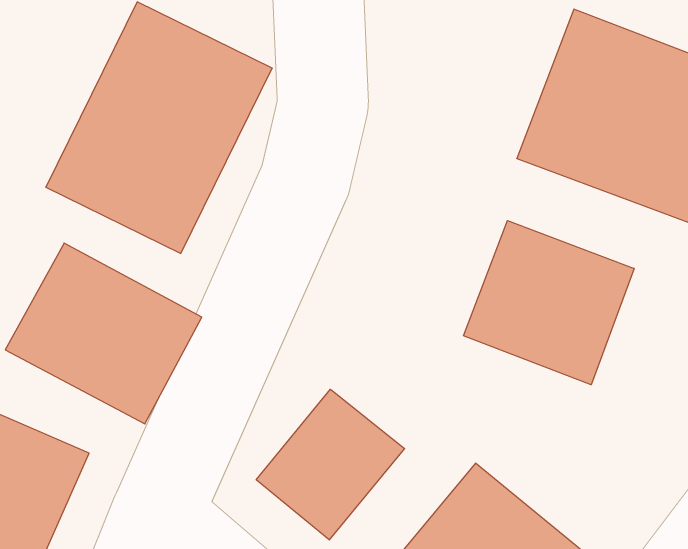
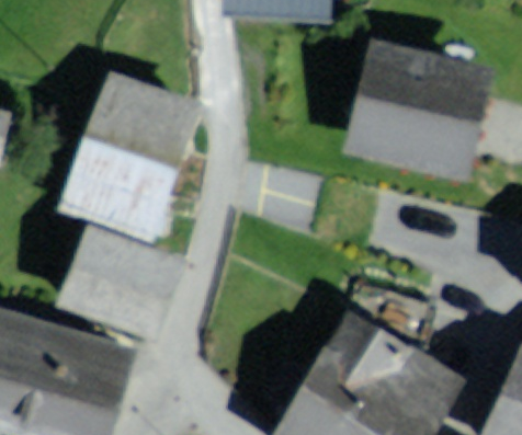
building: [463,221,634,385] -> none
building: [256,389,405,540] -> none

